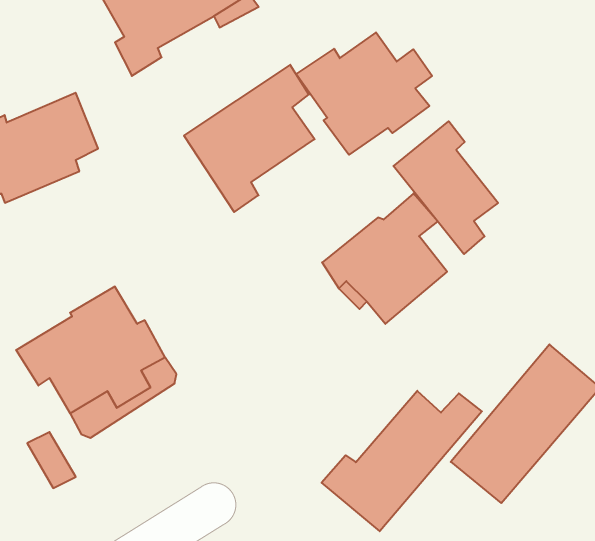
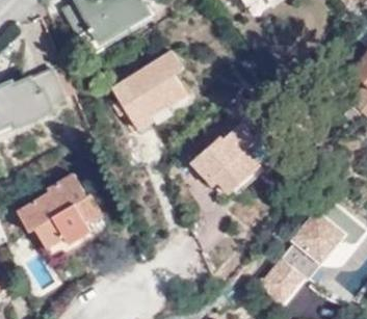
building: [296,32,432,155] -> none
building: [393,121,498,254] -> none
building: [322,391,482,531] -> none

